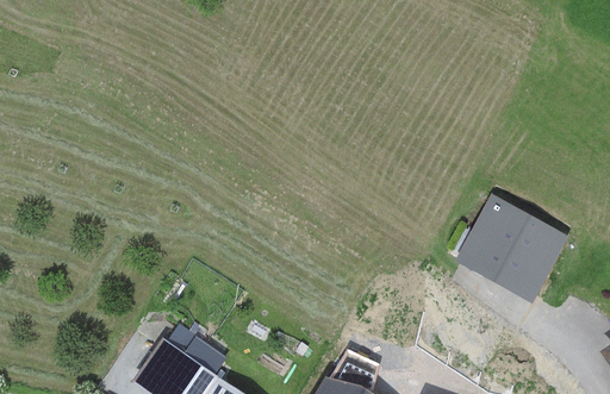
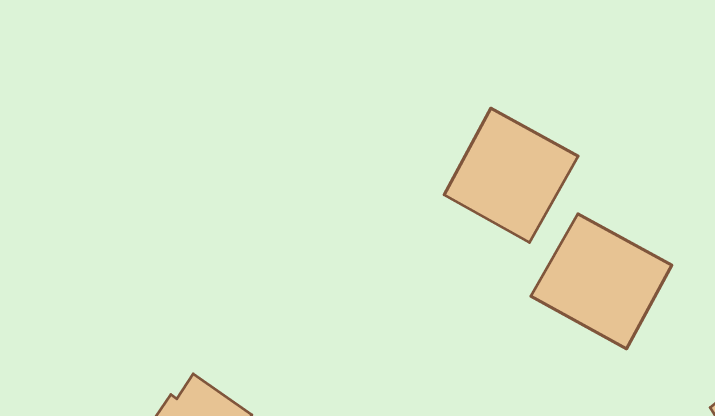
building: none -> [444,108,578,243]

